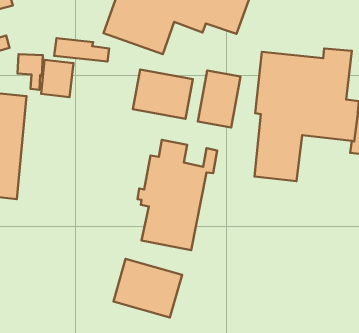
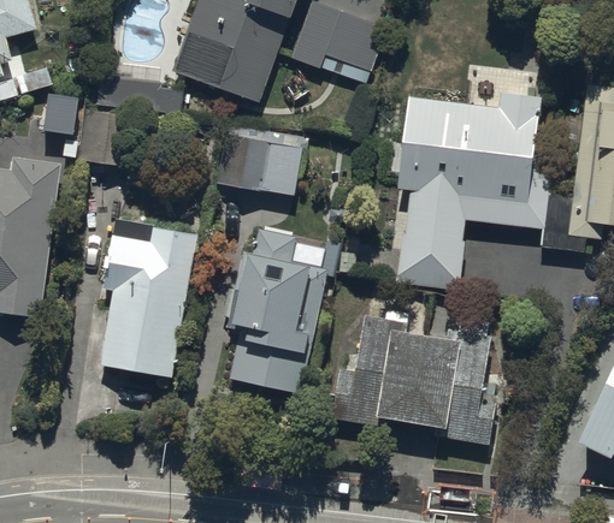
building: [198,70,241,128] -> none
building: none -> [100,219,194,378]
building: none -> [332,309,500,445]
building: [113,259,182,318] -> none

